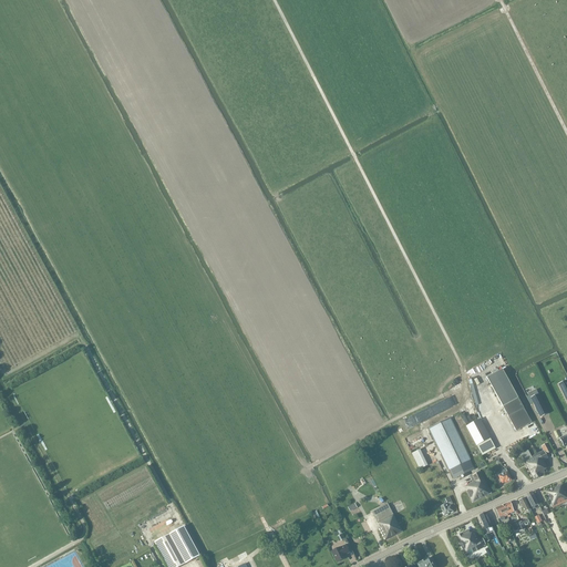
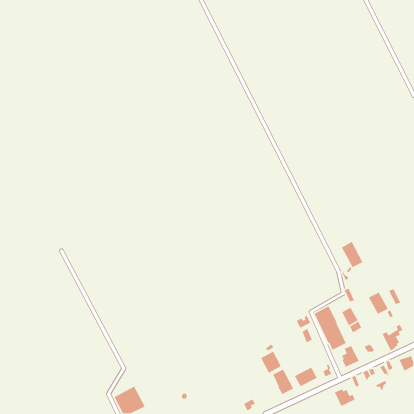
building: [487,368,518,405] -> [341,241,363,268]
building: none -> [260,350,282,374]
building: none -> [294,367,318,387]

